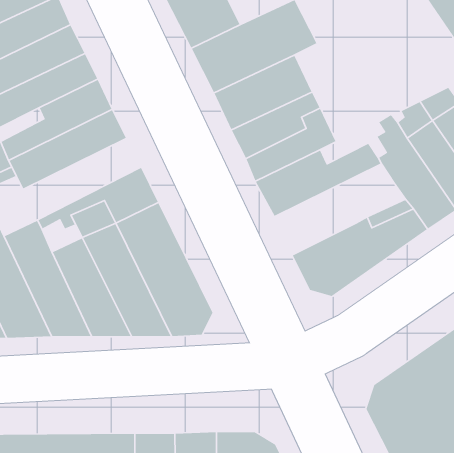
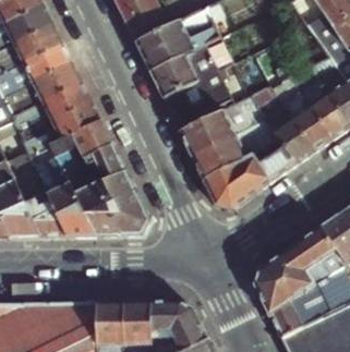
building: none -> [21,101,101,157]
building: none -> [192,119,274,181]

